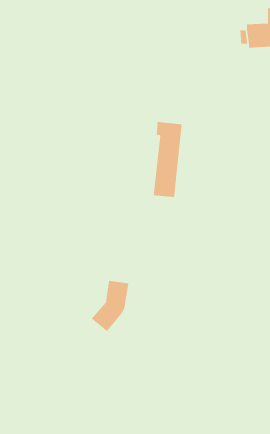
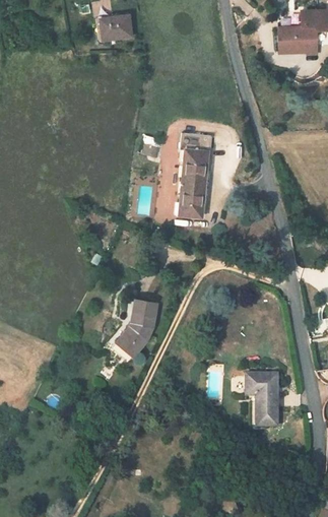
building: none -> [101,9,133,37]
building: none -> [248,373,276,421]

